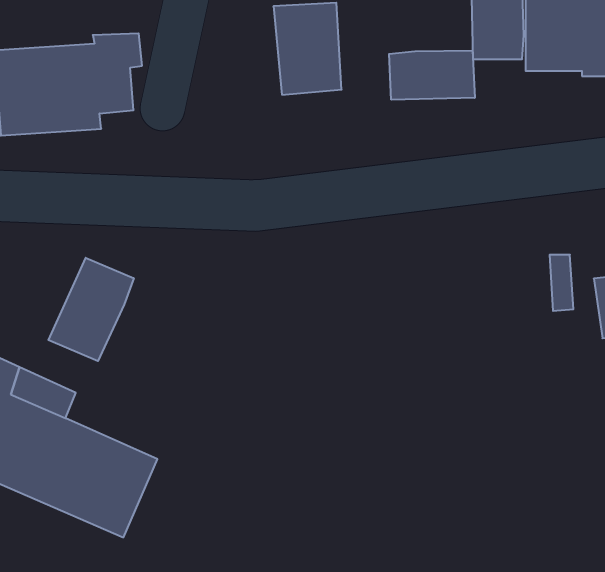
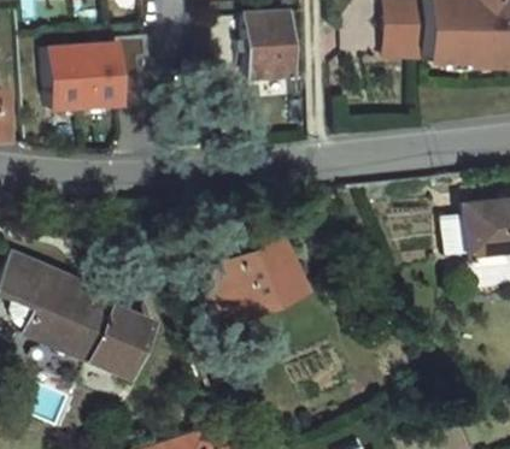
building: [389,51,475,100] -> none
building: [48,258,134,361] -> none
building: none -> [230,253,313,319]

